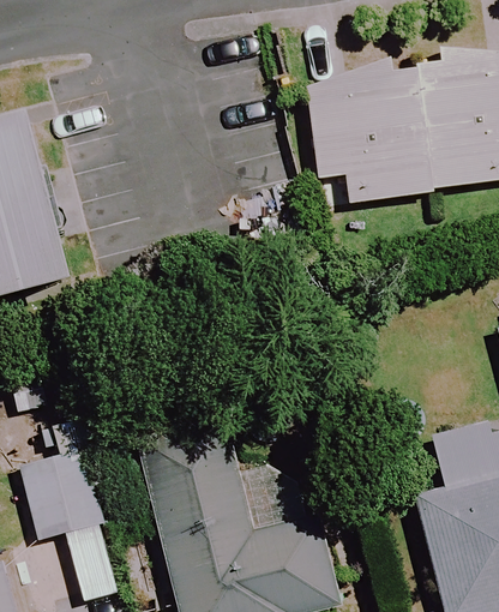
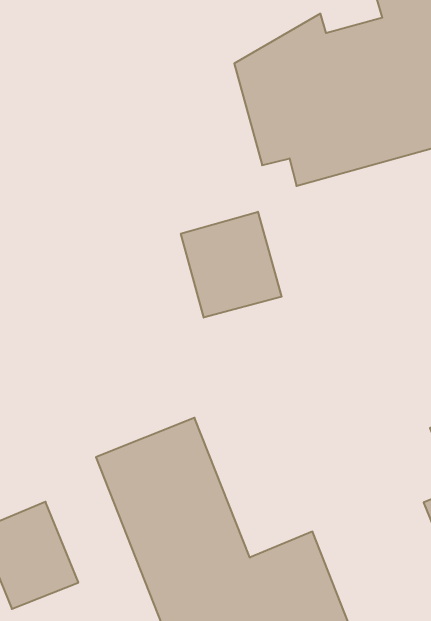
building: none -> [181,212,282,318]

